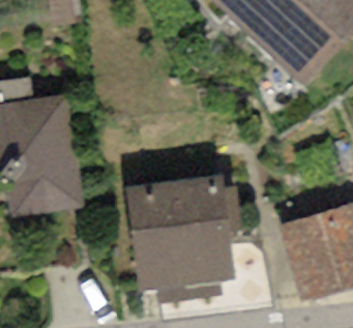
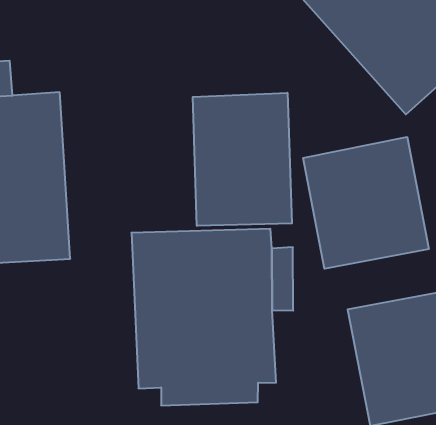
building: none -> [193,93,292,226]
building: none -> [303,137,429,269]

